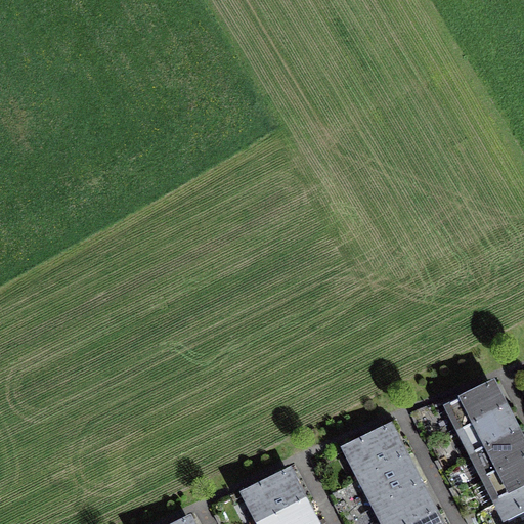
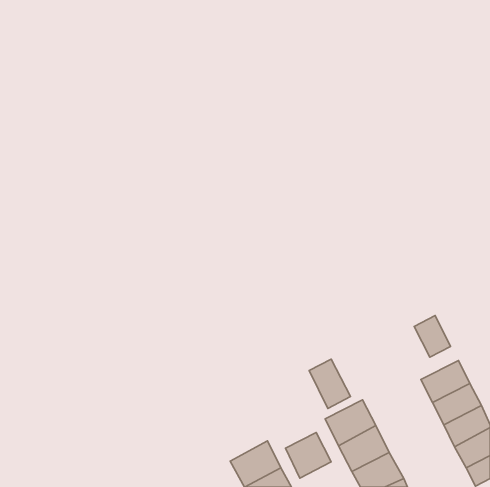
building: none -> [414,315,450,357]
building: none -> [309,359,350,409]
building: none -> [286,433,331,478]

